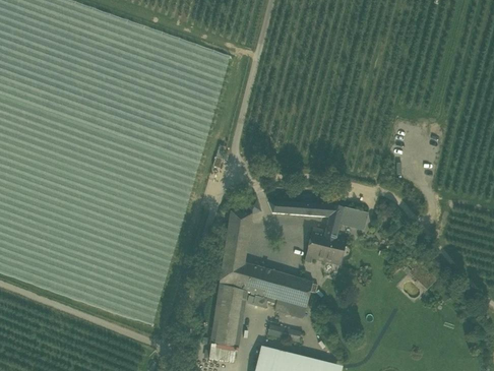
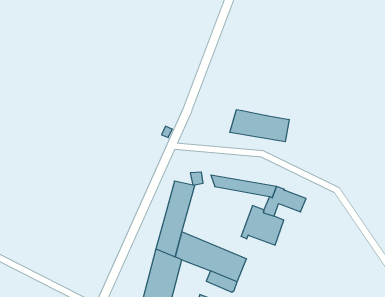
building: none -> [230,110,289,142]

